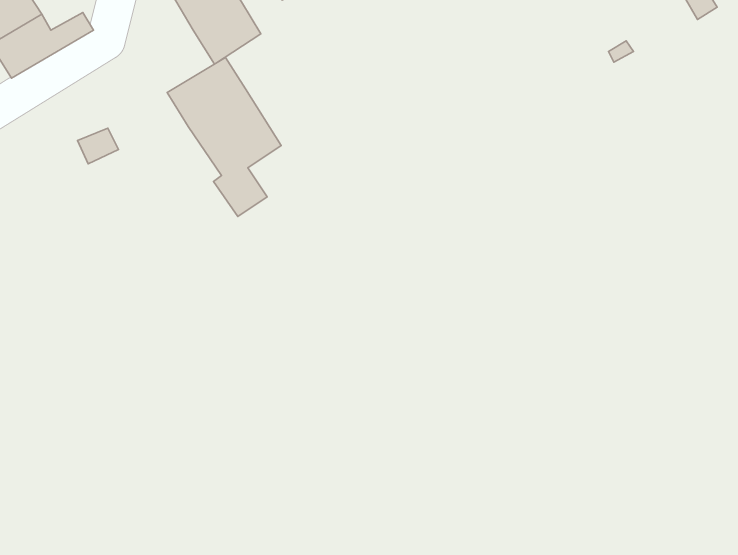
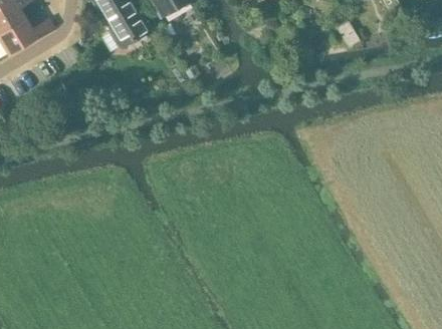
building: [167,57,281,217] -> none

